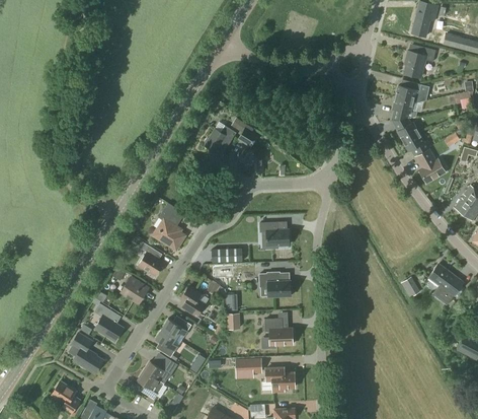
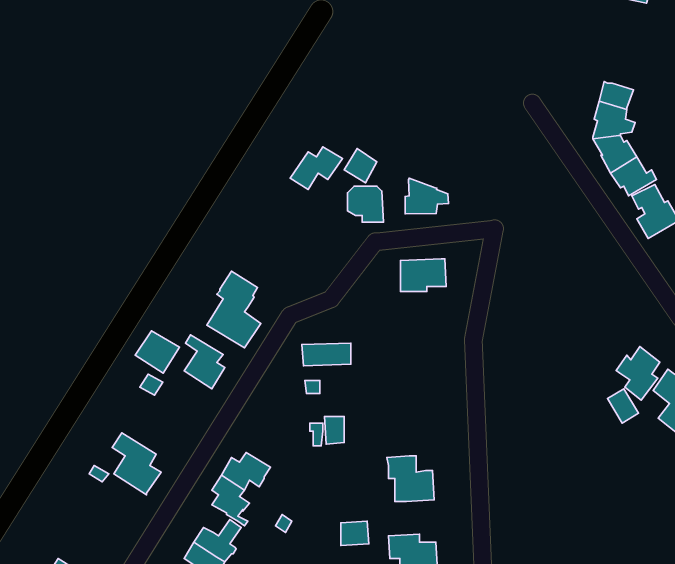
building: [404,46,436,78] -> none
building: none -> [405,178,448,214]
building: [262,228,291,249] -> [401,259,446,291]
building: none -> [616,347,660,400]
building: [259,271,292,297] -> none
building: [122,277,149,303] -> [135,331,179,373]
building: [181,287,206,318] -> none
building: [70,332,104,374] -> none

